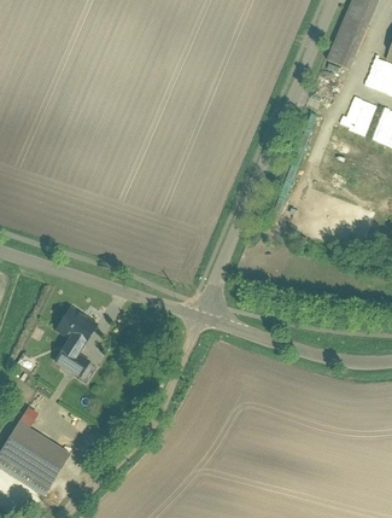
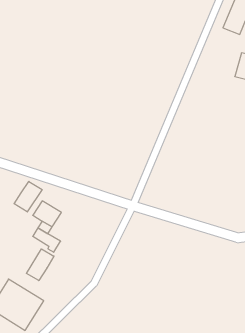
building: none -> [14,181,42,212]
building: none -> [26,249,54,281]

